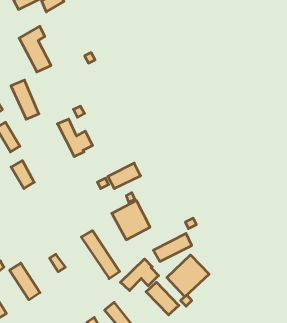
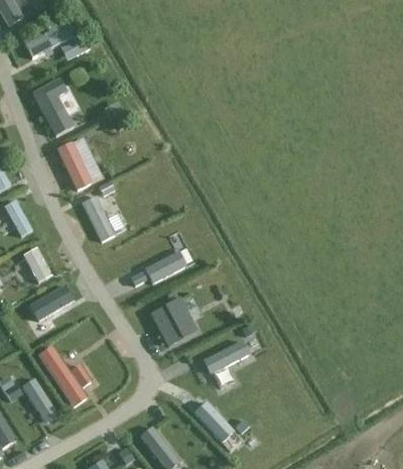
building: [11,80,39,119] -> [55,139,91,189]
building: none -> [29,285,72,320]
building: [81,231,120,279] -> [38,347,87,407]
building: [167,255,209,297] -> none
building: [120,259,159,291] -> none

